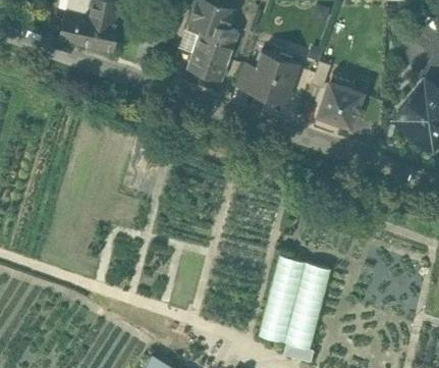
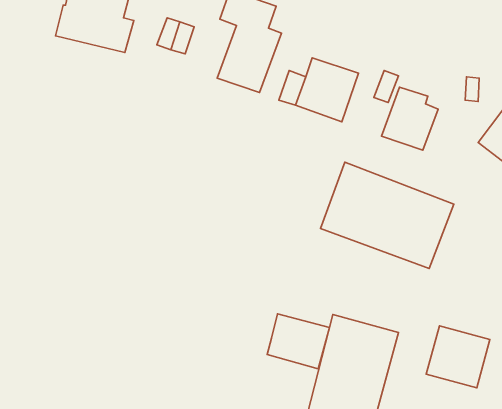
building: none -> [321,162,454,269]
building: none -> [267,314,330,369]
building: none -> [426,326,490,388]

